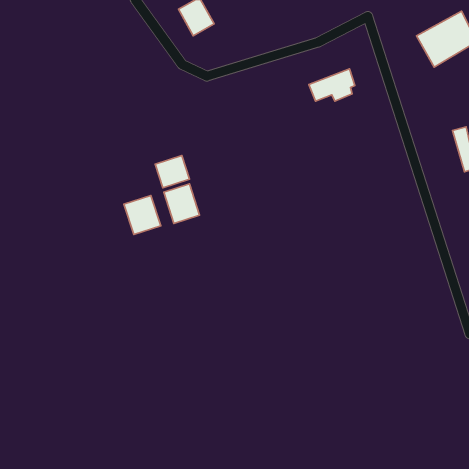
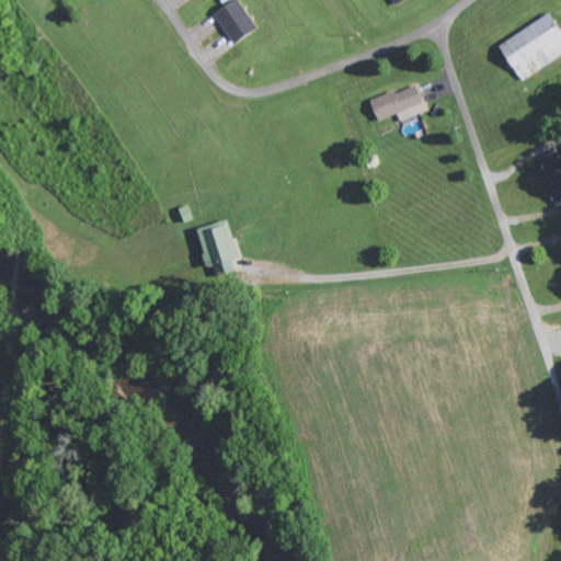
building: [155,156,190,188] -> none
building: [124,196,161,235] -> none

